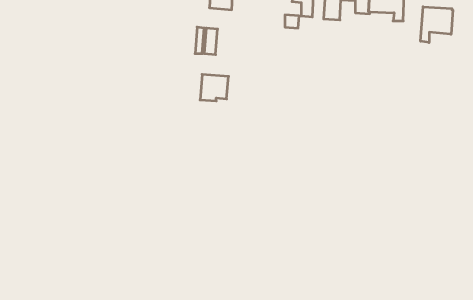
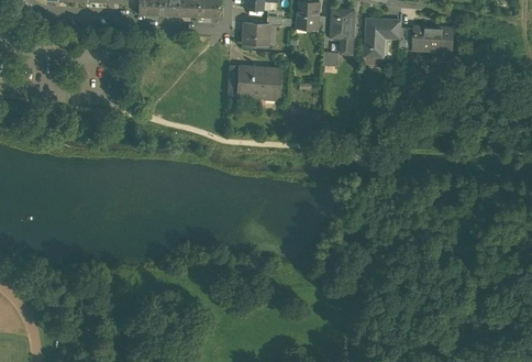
building: [421,7,453,43] -> none
building: [200,74,229,101] -> [248,67,279,96]

